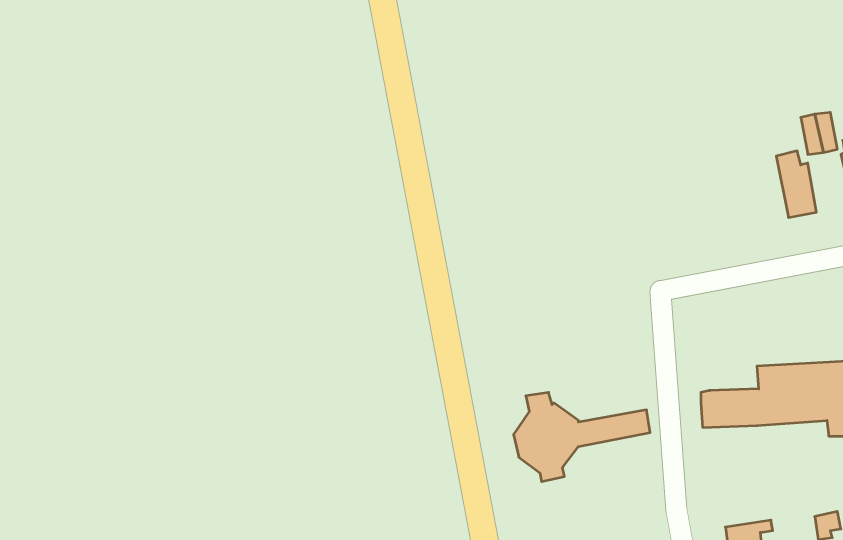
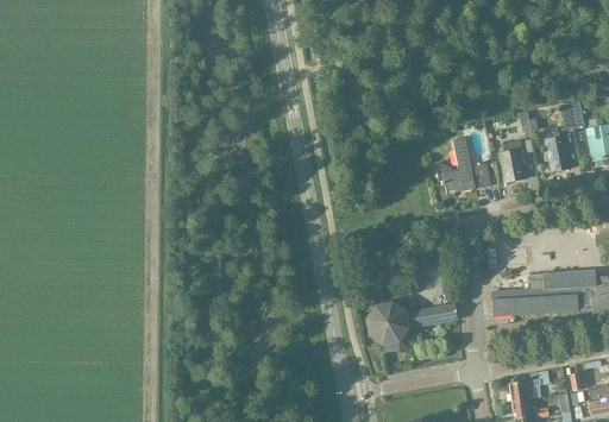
building: none -> [438,137,491,189]
building: none -> [500,139,526,181]

